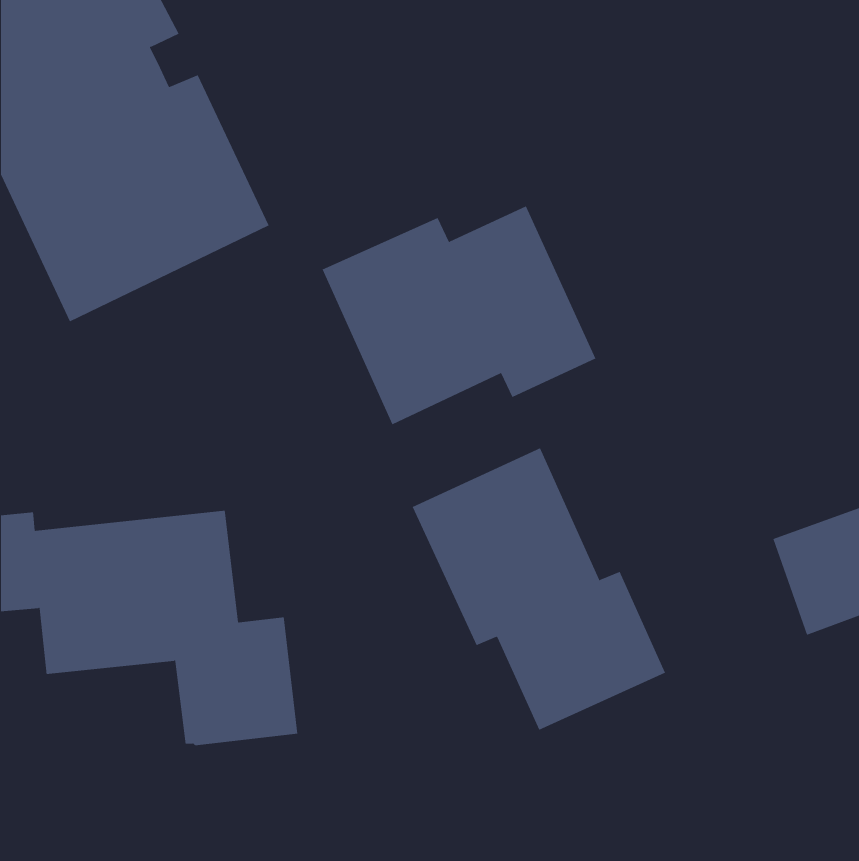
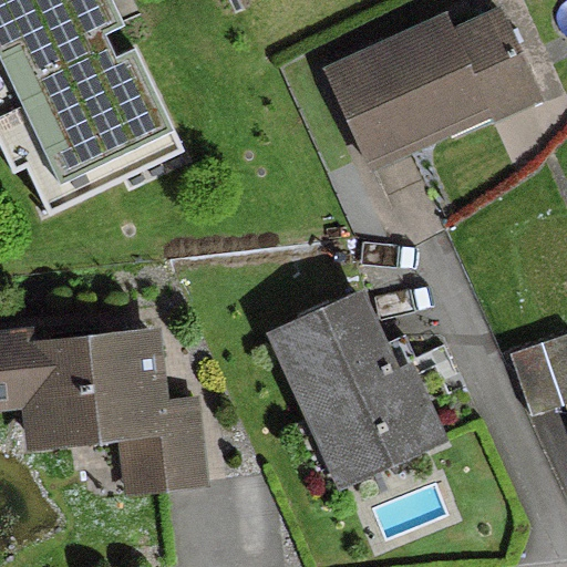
building: none -> [329,13,530,162]
building: [322,206,596,425] -> none

